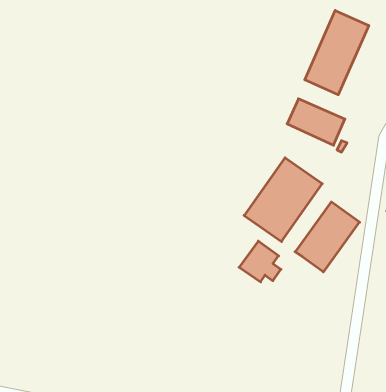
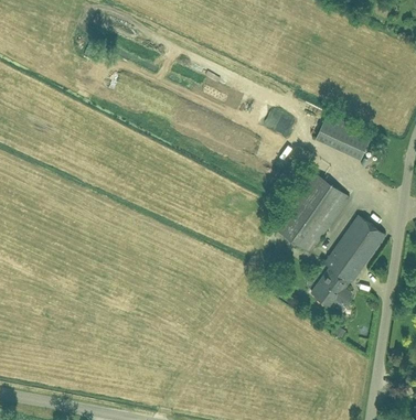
building: [305,10,369,95] -> none
building: [239,241,281,282] -> [310,270,351,310]

